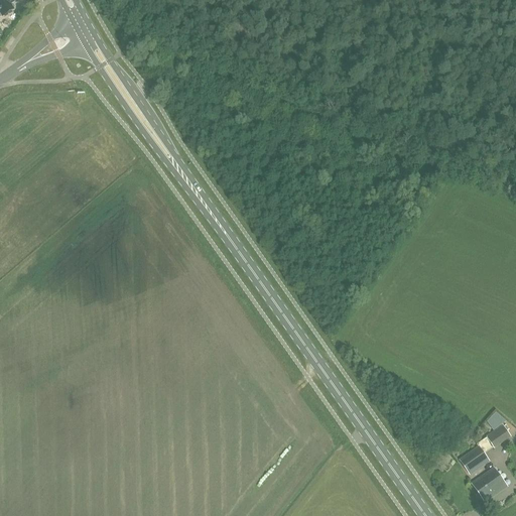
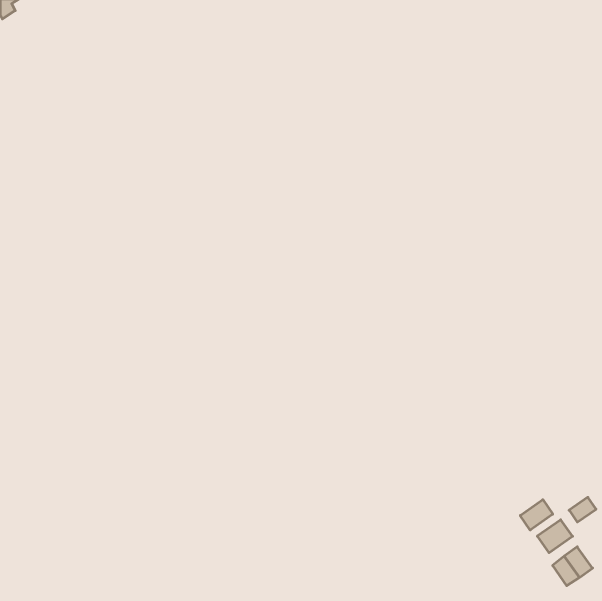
building: none -> [520,500,553,530]

